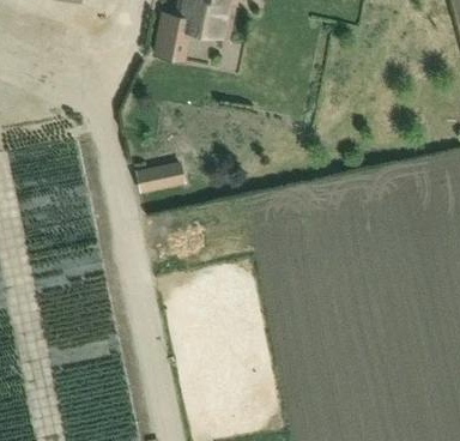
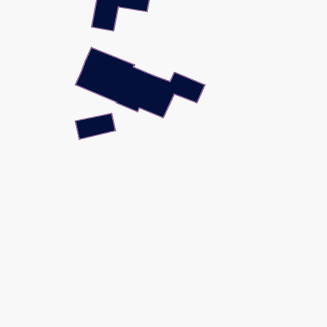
building: none -> [75,47,205,118]

